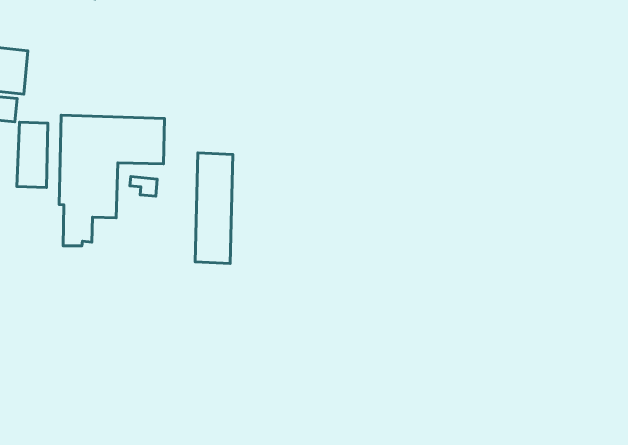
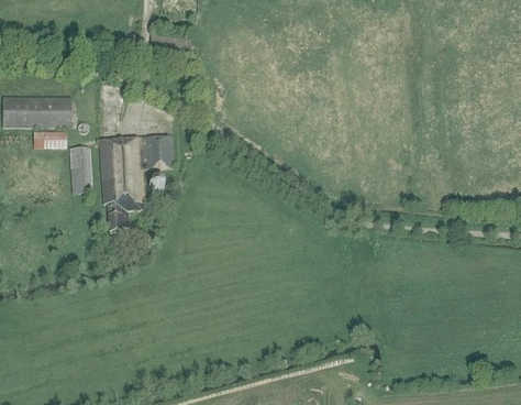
building: [195,153,233,263] -> none

